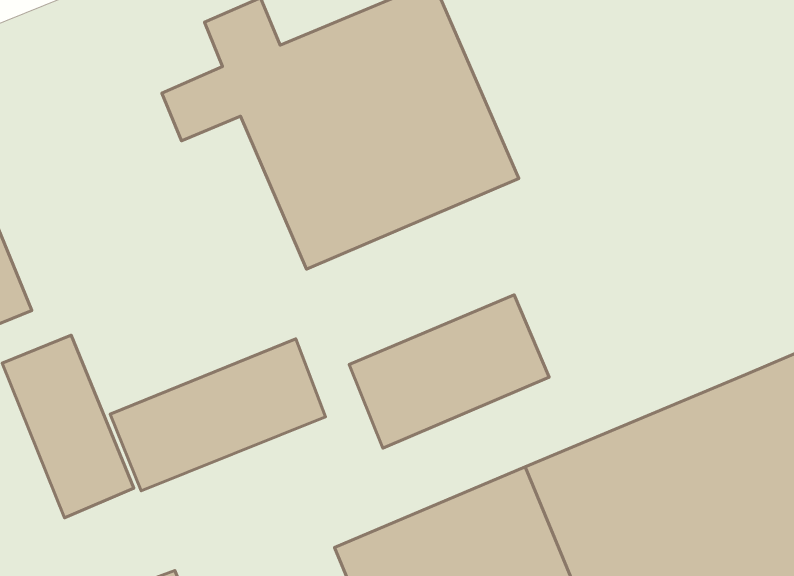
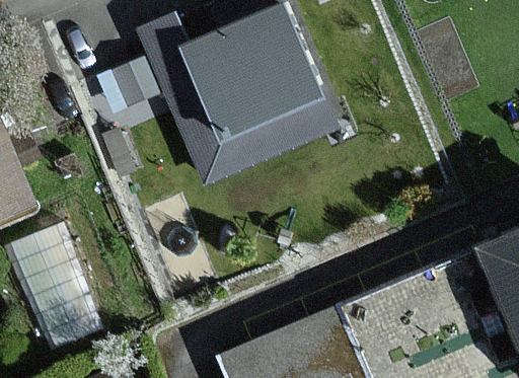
building: [349,295,549,448] -> none
building: [110,339,325,491] -> none

